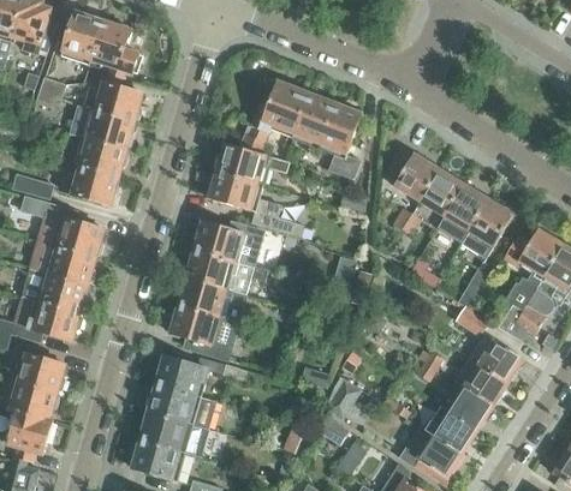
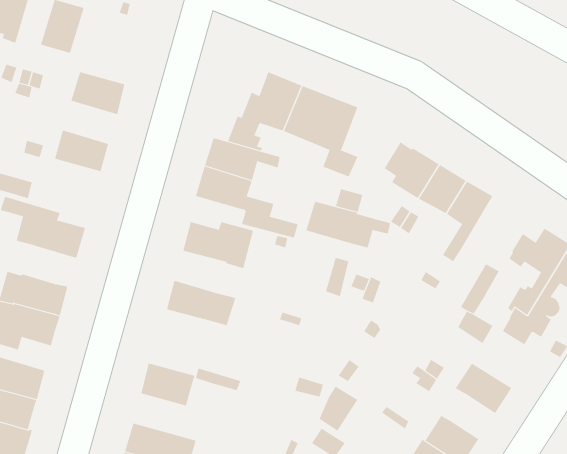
building: [90,20,142,82] -> none
building: [71,106,135,149] -> none
building: [67,163,119,204] -> none
building: [462,198,513,259] -> none
building: [30,240,96,283] -> none
building: [188,250,268,294] -> [306,201,391,248]
building: [171,305,238,359] -> none
building: [469,339,522,379] -> none
building: [149,384,216,429] -> none
building: [448,385,492,427] -> none

